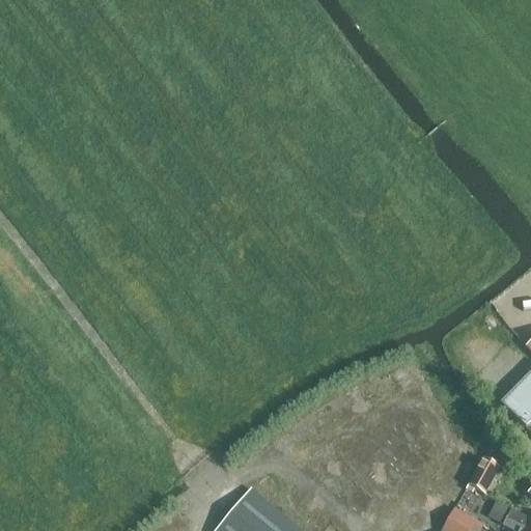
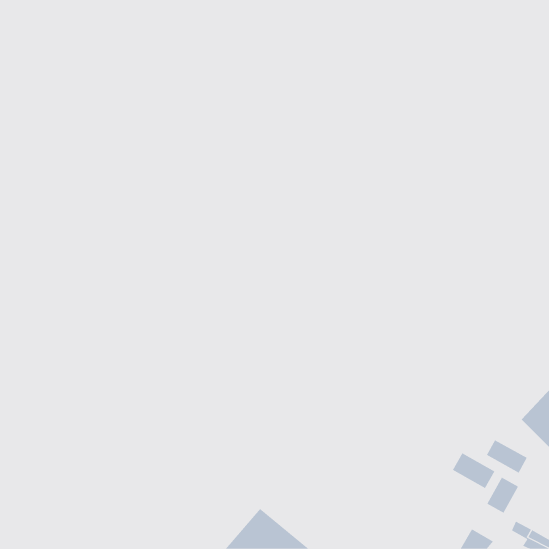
building: none -> [486,439,528,474]
building: none -> [452,453,495,489]

